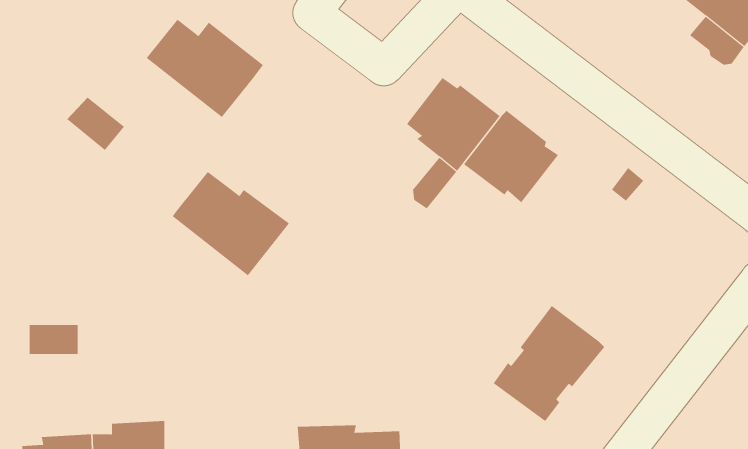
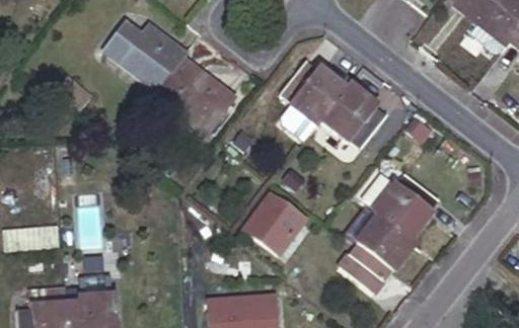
building: [172,171,290,276] -> [153,63,233,134]
building: none -> [375,176,438,240]
building: none -> [244,184,310,249]

